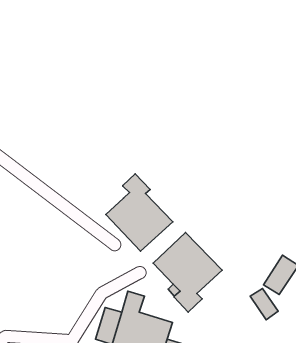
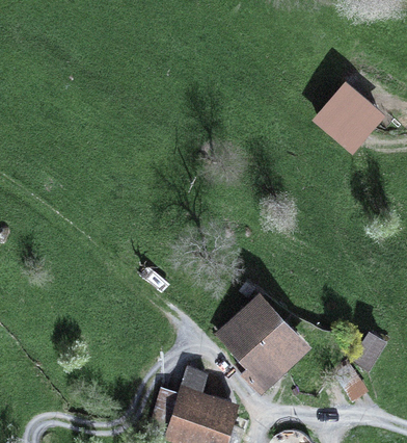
building: none -> [318,85,380,148]
building: [106,174,173,251] -> none

